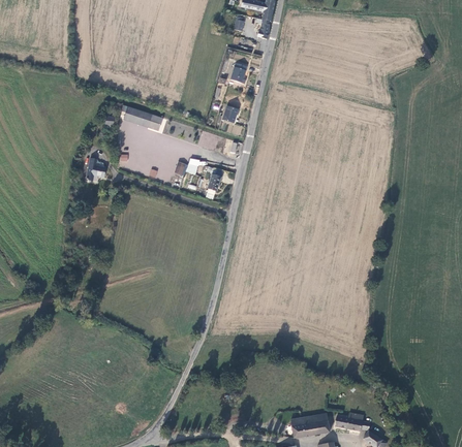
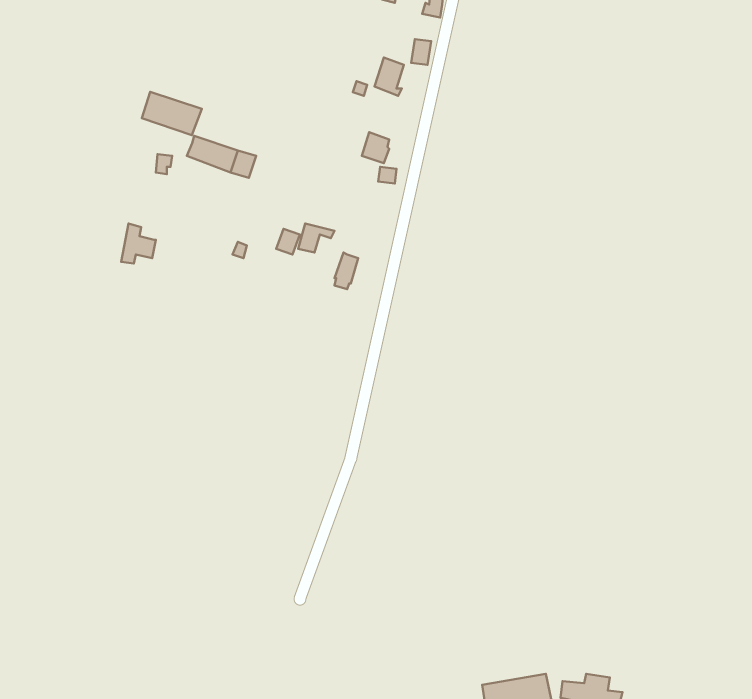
building: none -> [142,92,202,135]

